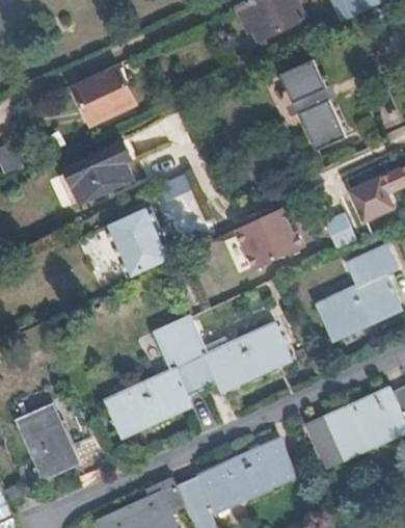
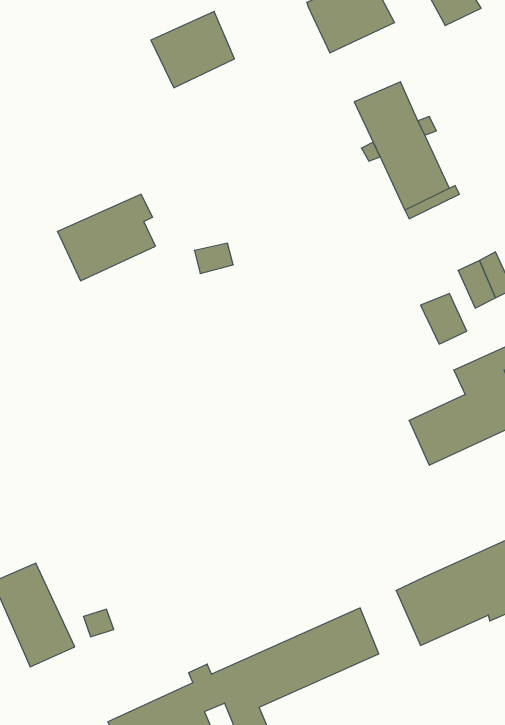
building: [75,68,135,123] -> [151,11,234,88]
building: [108,207,174,276] -> none
building: [237,207,306,268] -> none
building: [105,314,290,430] -> none

